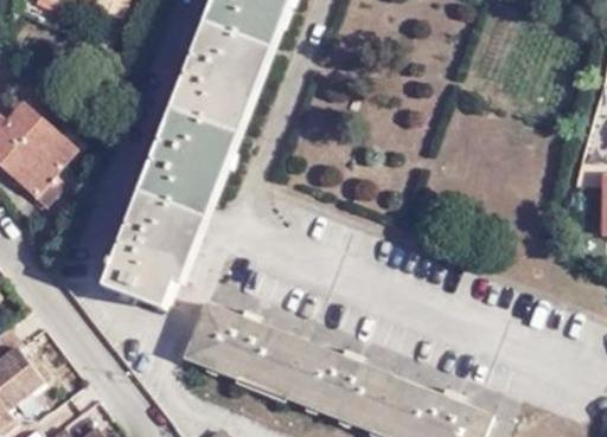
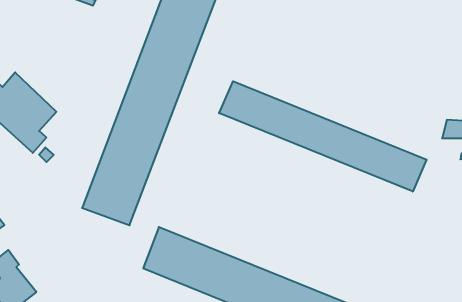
building: none -> [219,81,427,192]

